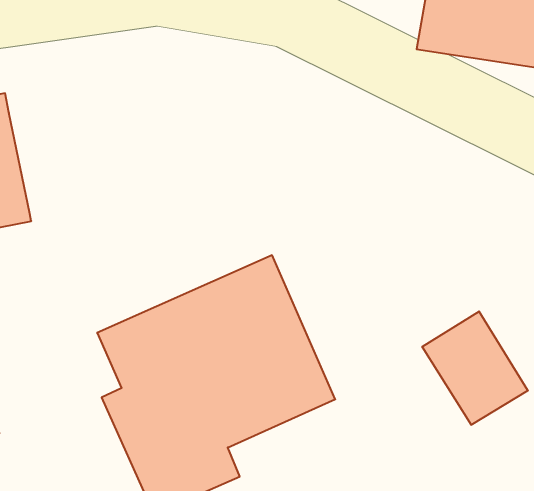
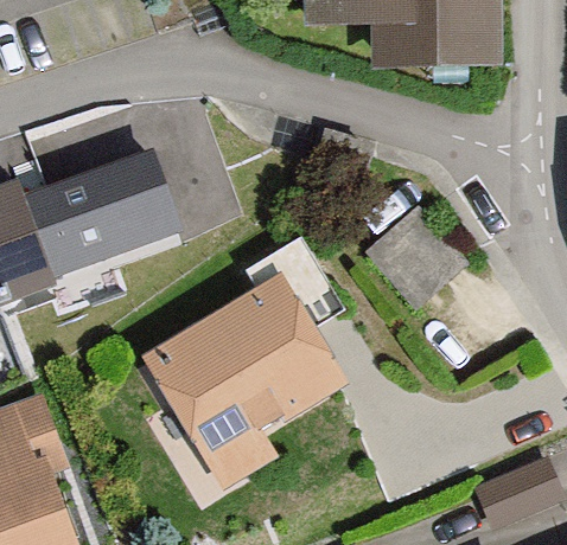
building: none -> [33,141,190,268]
building: [422,311,528,425] -> [371,205,466,301]

